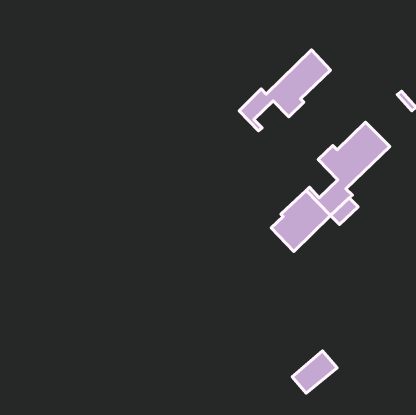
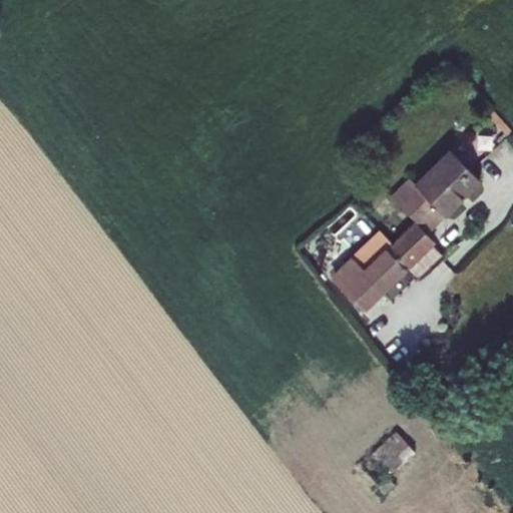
building: [239,50,330,131] -> none

